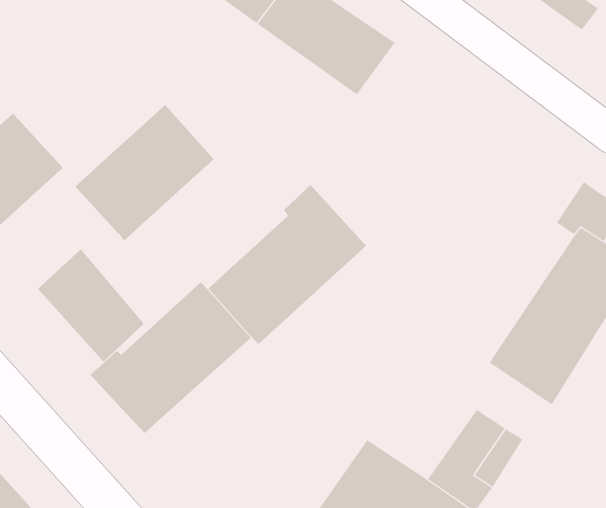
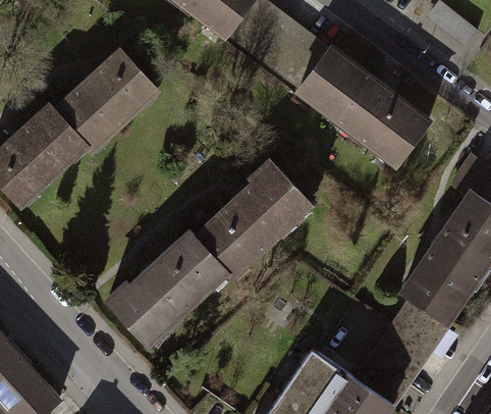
building: none -> [304,50,435,167]
building: [75,104,214,241] -> [53,50,157,152]
building: [37,249,145,362] -> none
building: none -> [392,298,448,351]

